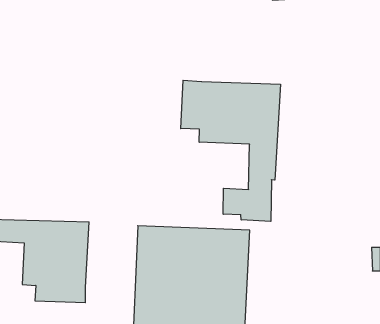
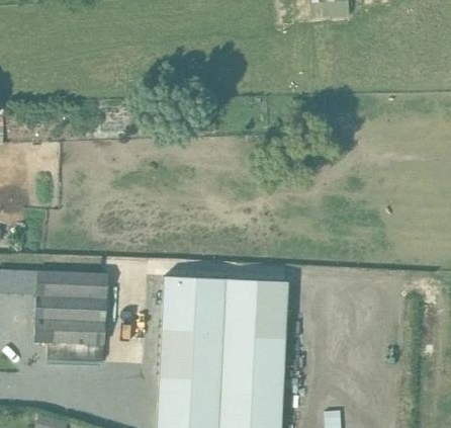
building: [181,80,280,221] -> none

